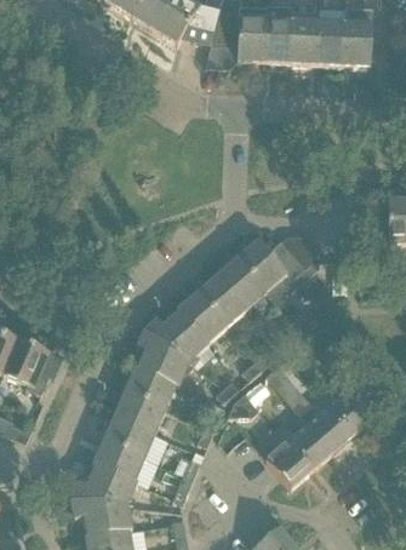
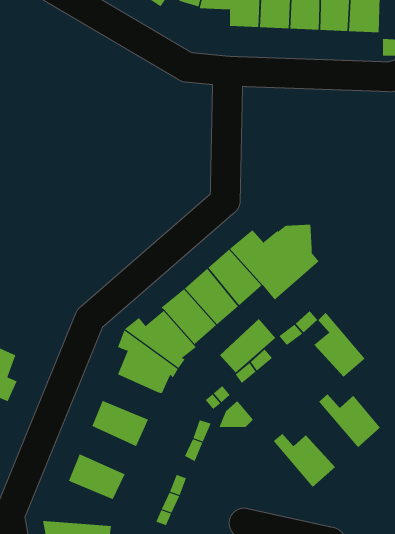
building: none -> [219,318,276,374]
building: [125,367,176,408] -> none
building: [305,393,351,451] -> [314,312,365,378]
building: [104,414,155,457] -> none
building: [265,428,311,487] -> none
building: [72,464,137,503] -> none

